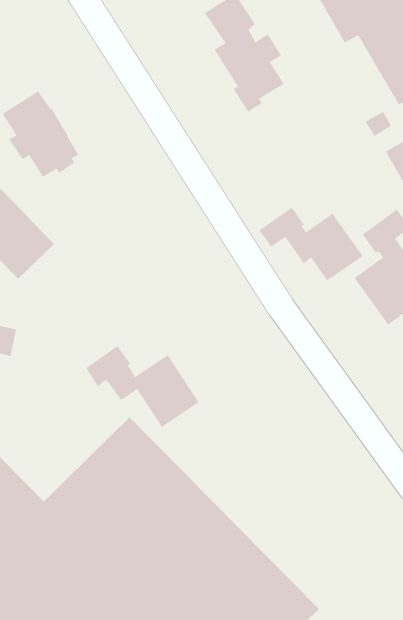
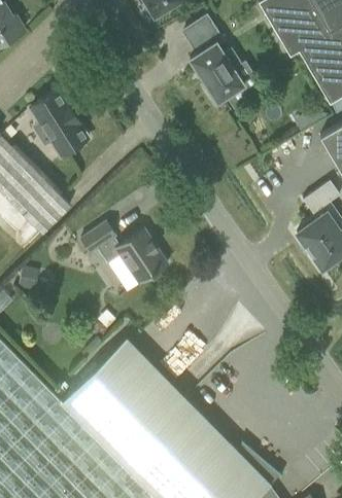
building: [259,207,364,281] -> none
building: [85,345,199,428] -> [80,222,167,285]

